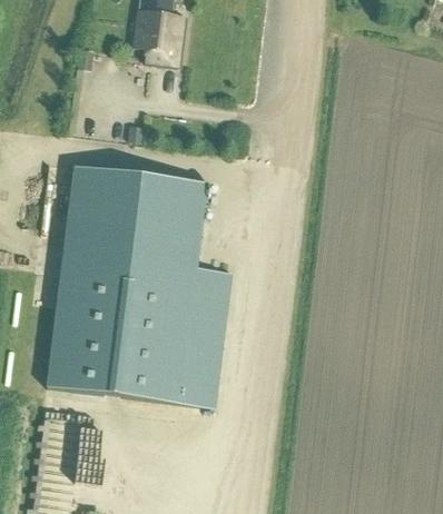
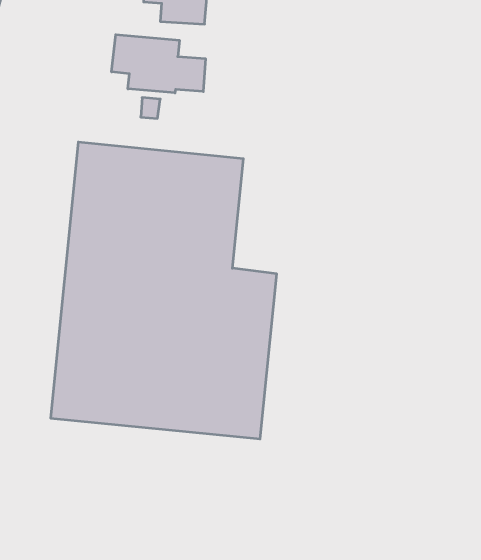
building: none -> [112,35,205,93]

